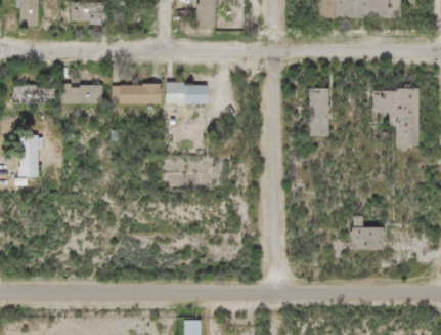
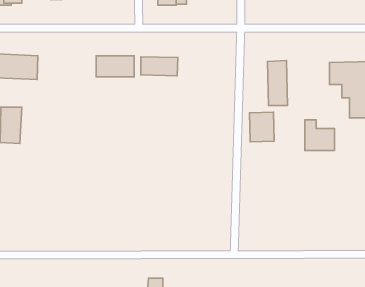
building: [64,84,109,107] -> none
building: none -> [249,112,274,142]
building: [348,216,380,249] -> [305,120,334,150]

